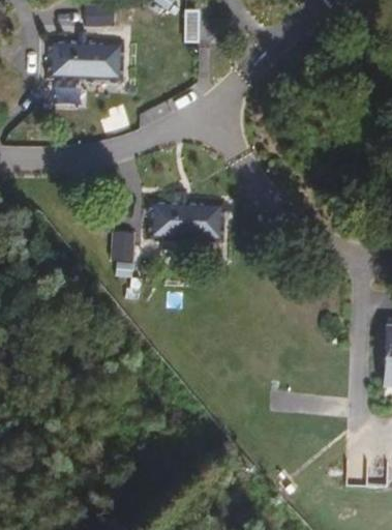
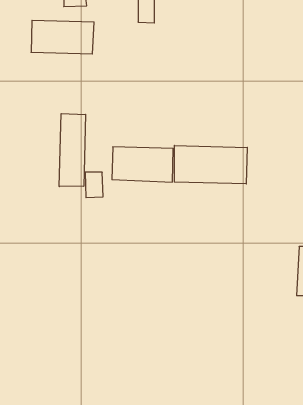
building: none -> [59,114,86,187]
building: none -> [174,145,247,184]

